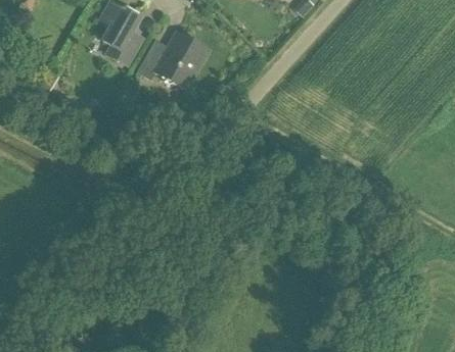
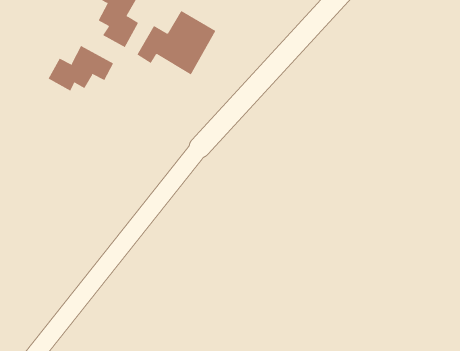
building: none -> [48,45,114,91]

